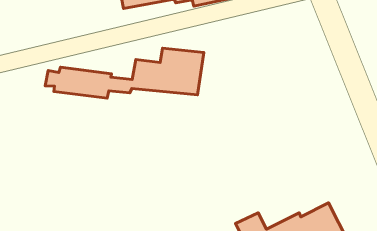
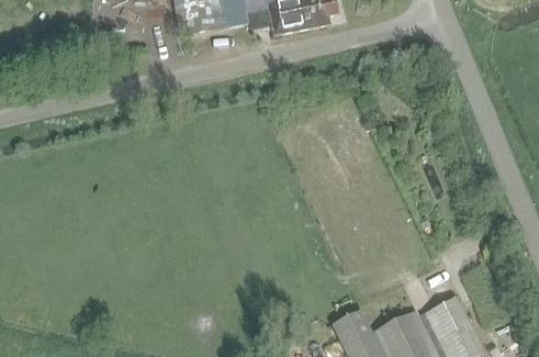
building: [45,48,204,98] -> none

